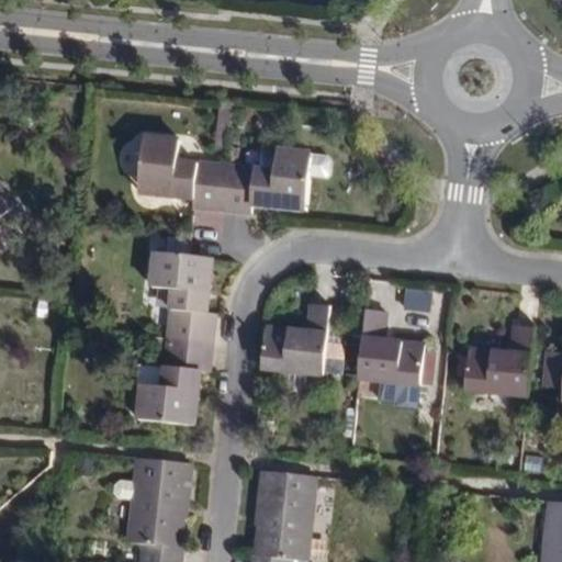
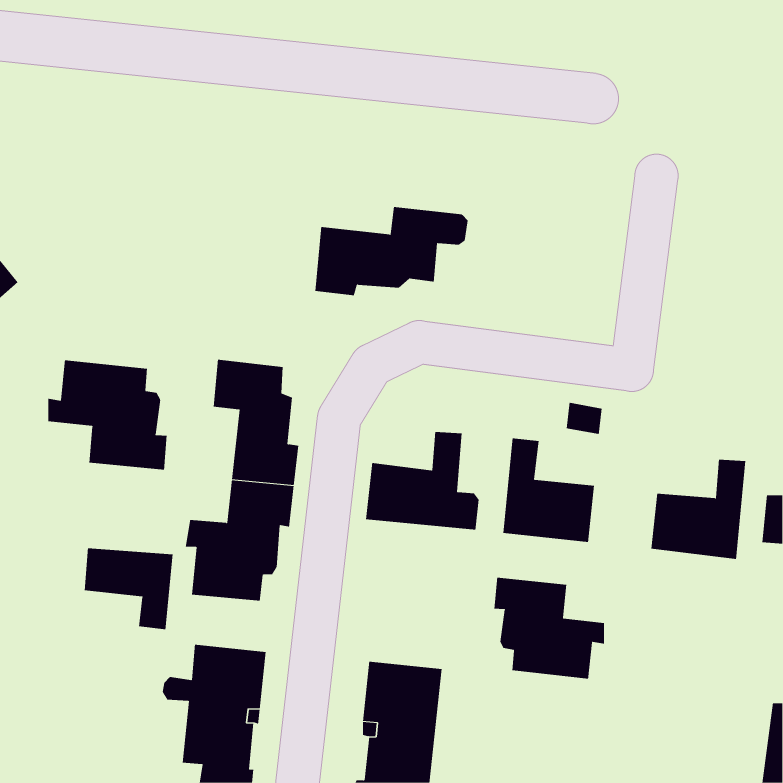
building: [140,133,228,207] -> none
building: none -> [48,360,167,470]
building: none -> [84,548,173,630]
building: none -> [494,577,605,679]

